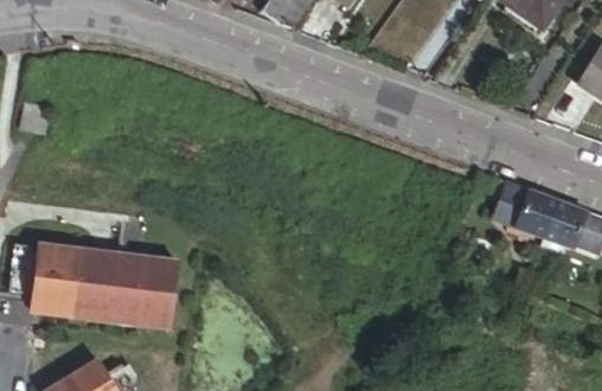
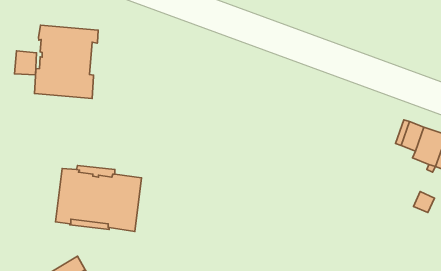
building: none -> [34,25,98,98]
building: [9,238,79,310] -> none

